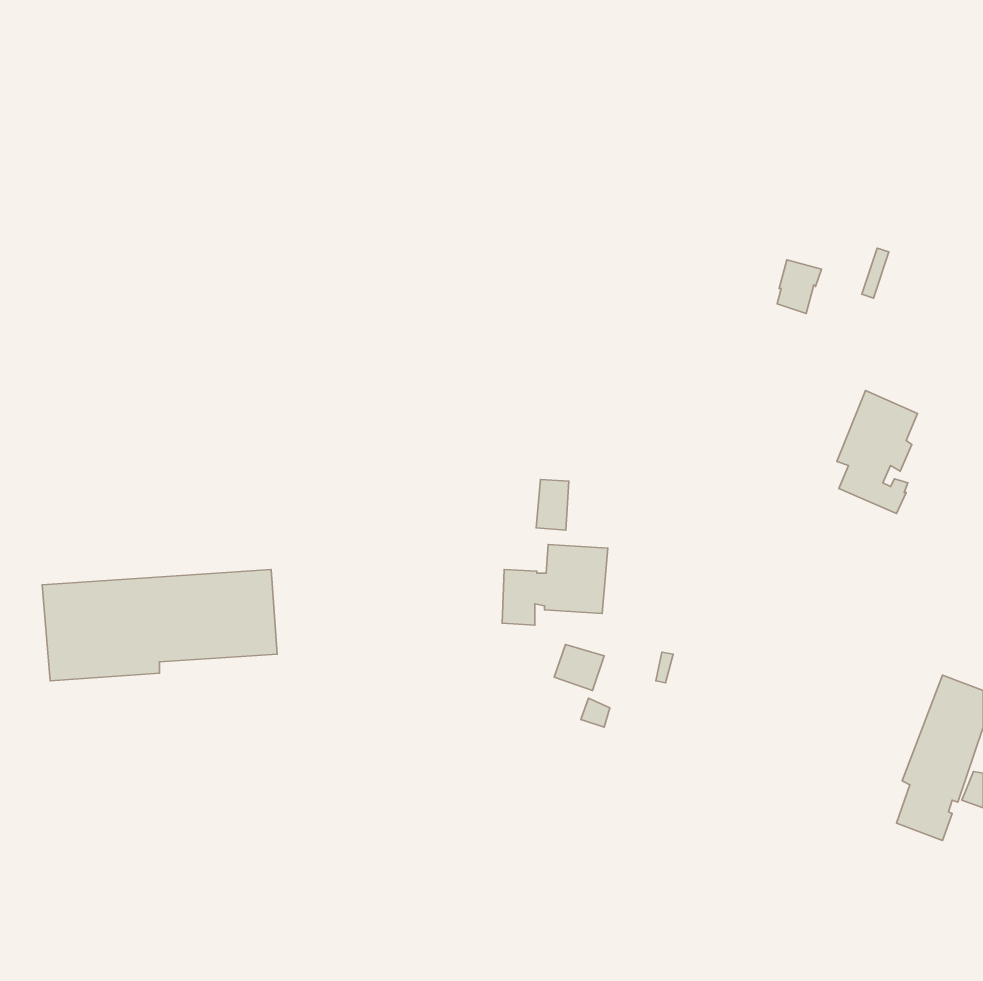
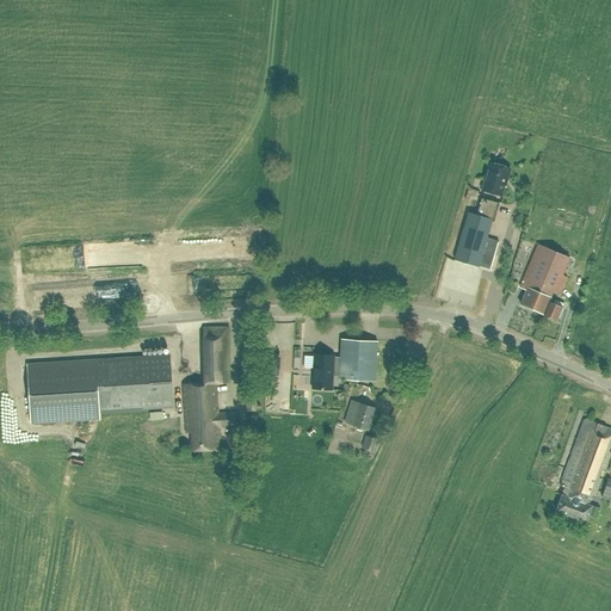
building: none -> [453,197,498,267]
building: [536,480,569,530] -> none
building: none -> [184,326,236,449]

